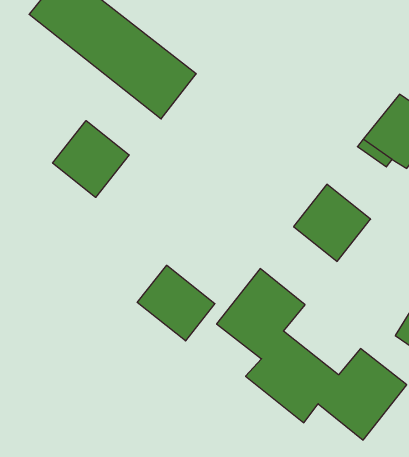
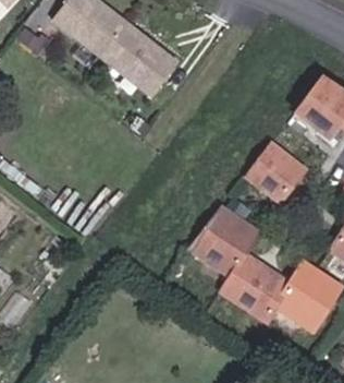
building: [53,121,129,197] -> none
building: [137,265,215,341] -> none

